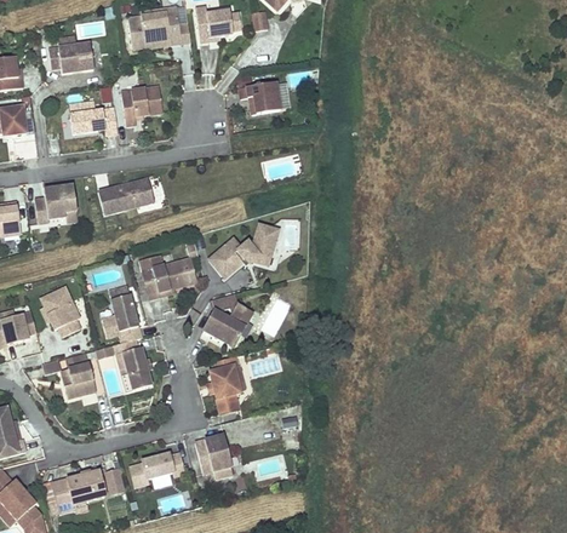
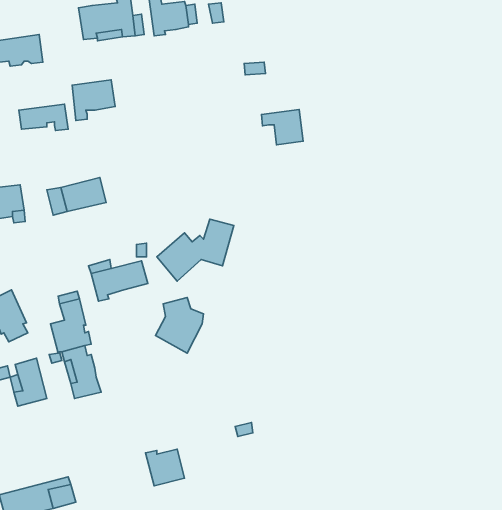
building: [240,81,280,115] -> [261,110,303,145]
building: [208,356,240,413] -> none
building: [130,453,183,487] -> none

